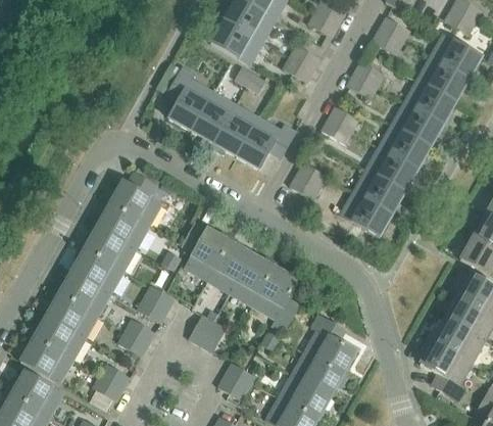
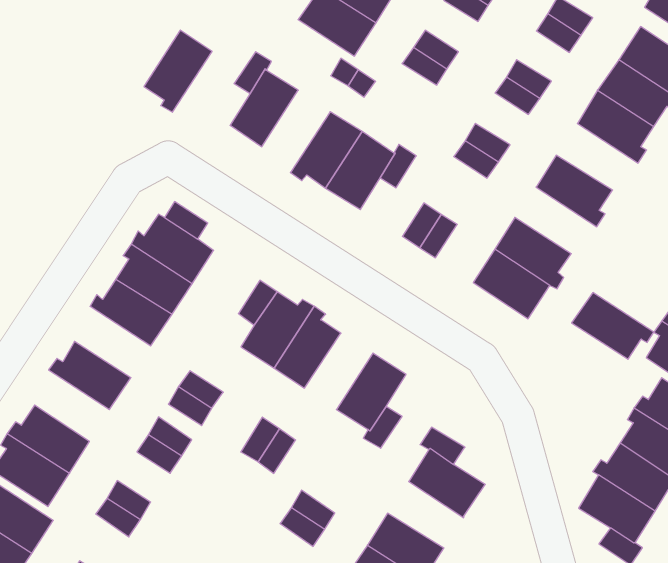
building: [191,91,236,147] -> [144,30,212,112]
building: [391,102,447,146] -> none
building: [365,147,422,191] -> [572,293,654,359]
building: [71,246,124,293] -> none
building: [230,254,278,306] -> none
building: [47,291,98,338] -> none
building: [291,352,347,396] -> none

